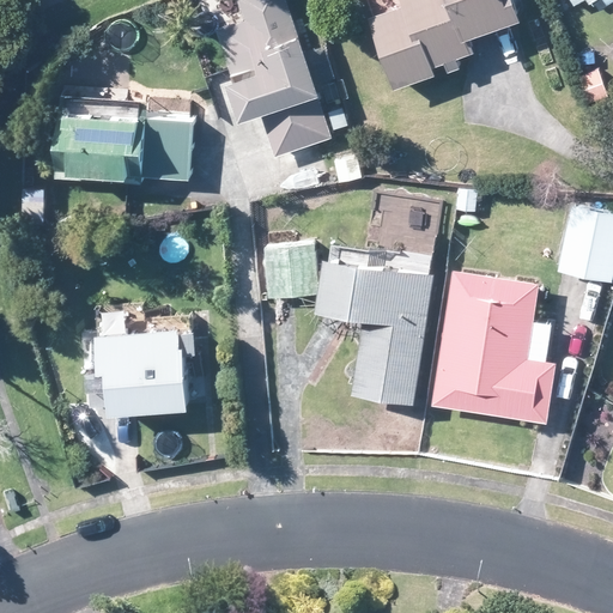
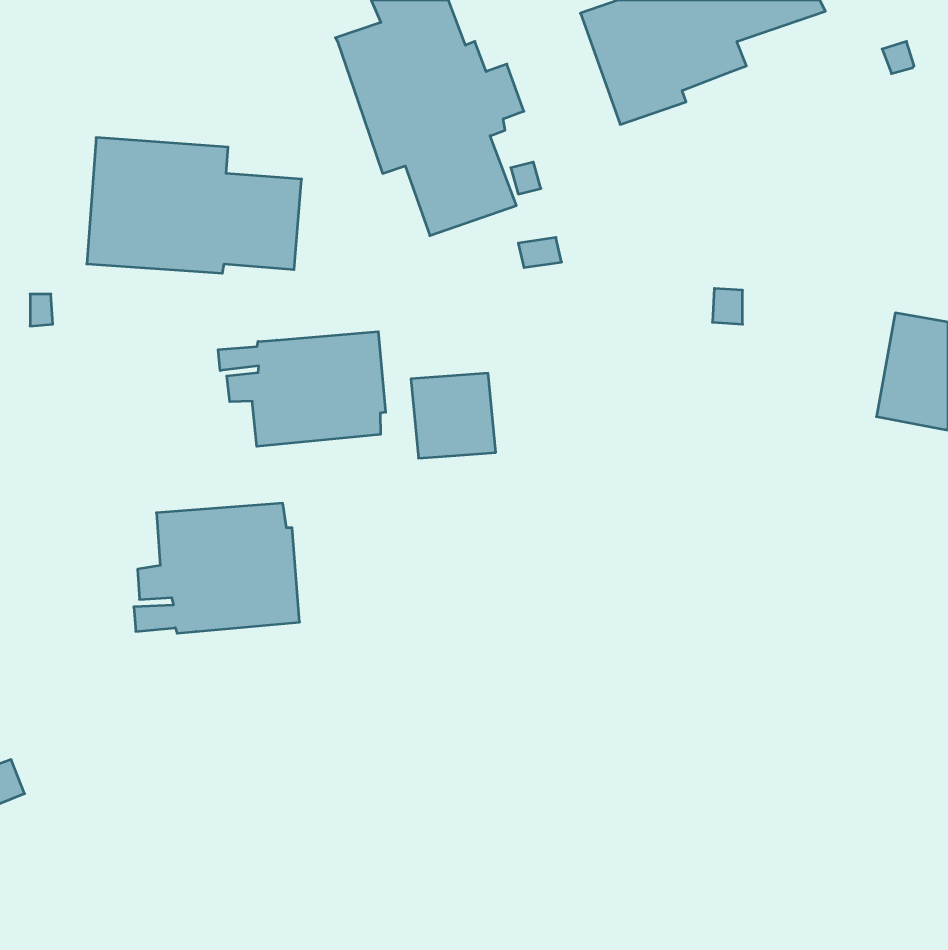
building: none -> [218,332,386,446]
building: [320,255,435,400] -> none
building: [431,272,554,423] -> none

